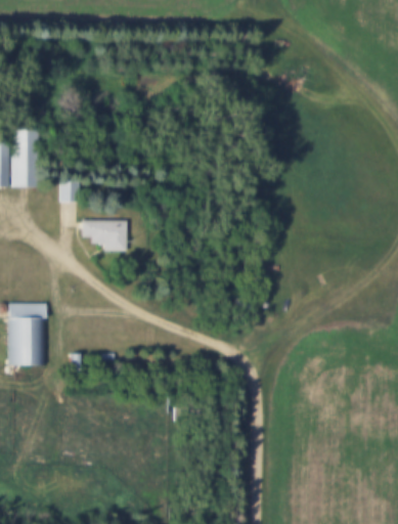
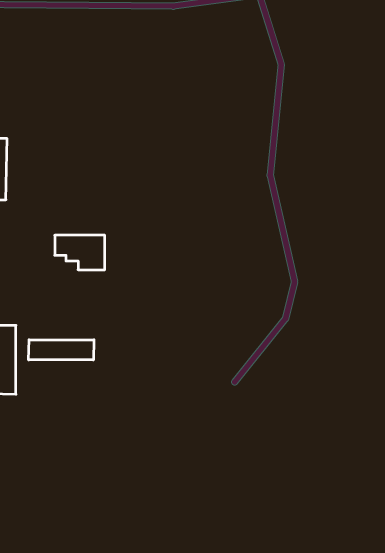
building: none -> [29,340,94,360]

